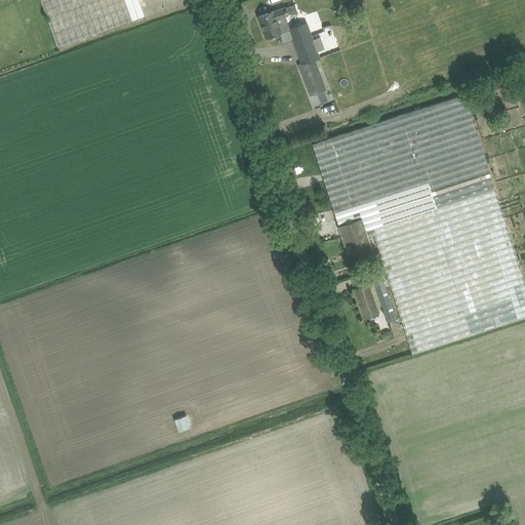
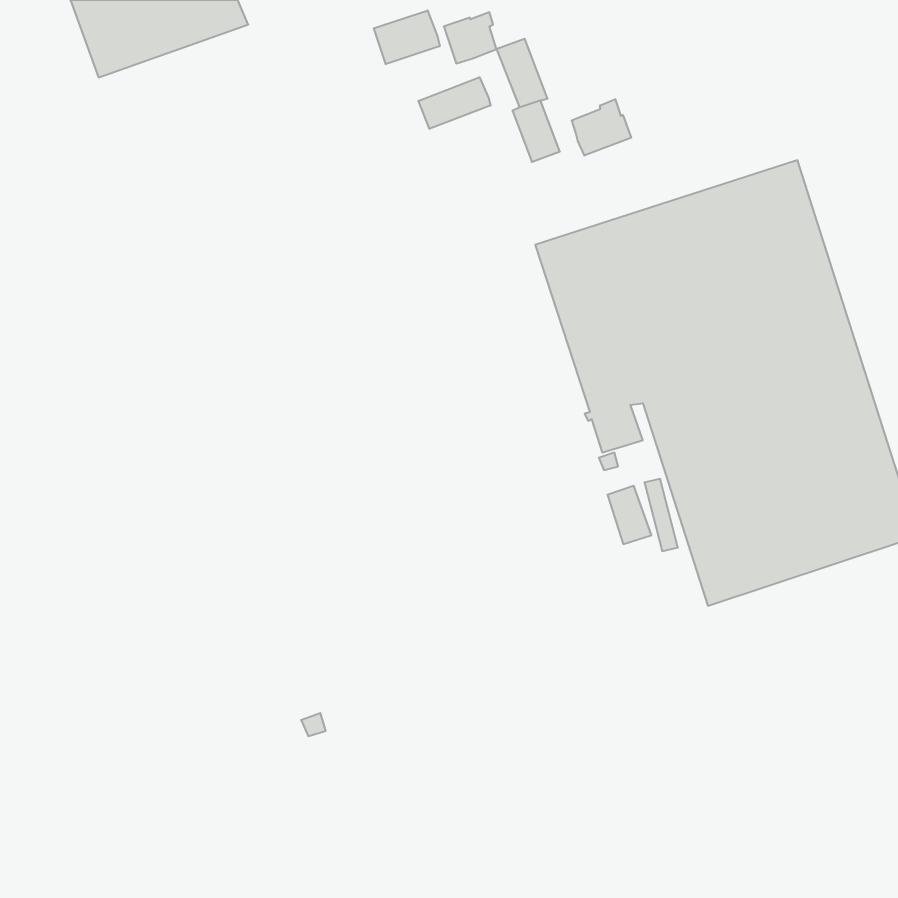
building: none -> [374,10,440,64]
building: none -> [418,77,491,129]
building: none -> [572,99,631,156]

